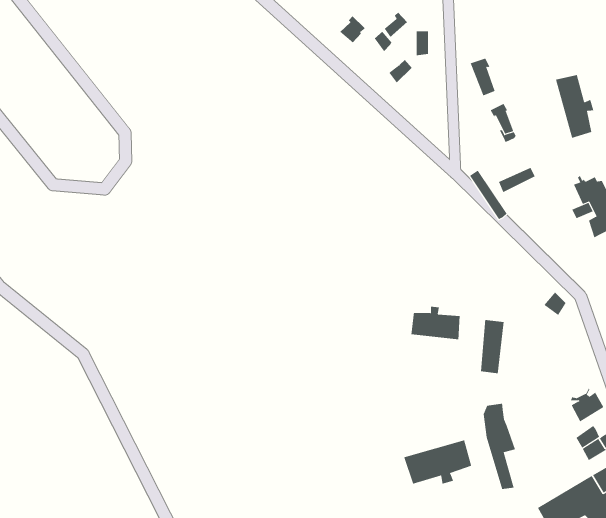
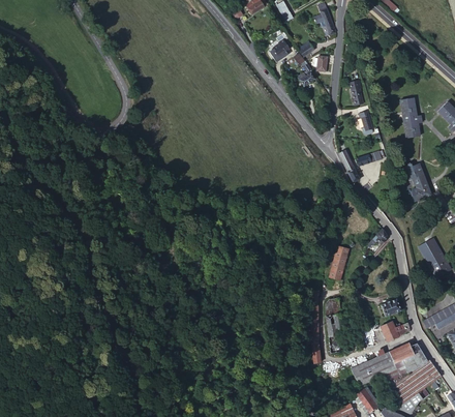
building: [411,306,460,340] -> none
building: [403,439,472,485] -> none

